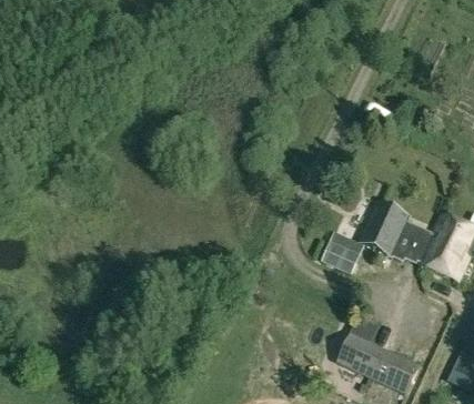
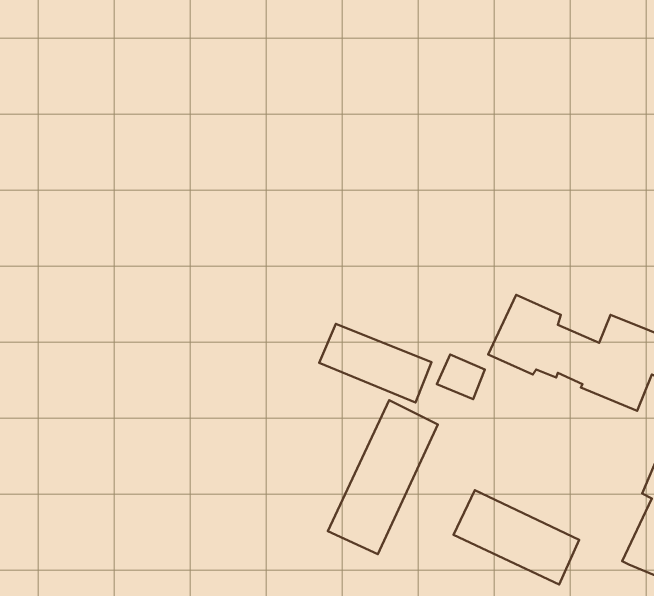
building: none -> [319,324,431,402]
building: none -> [328,400,438,554]

